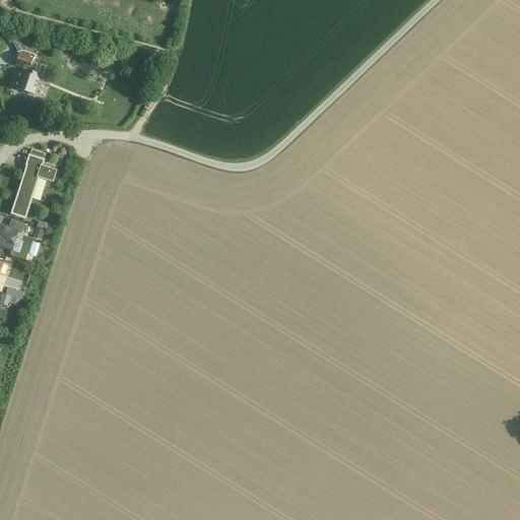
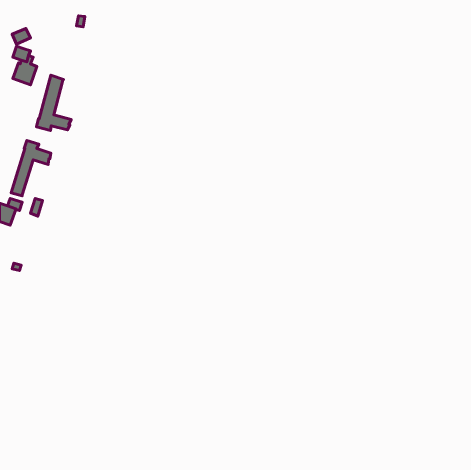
building: none -> [36,75,71,131]

